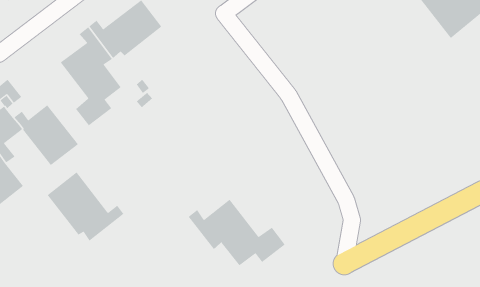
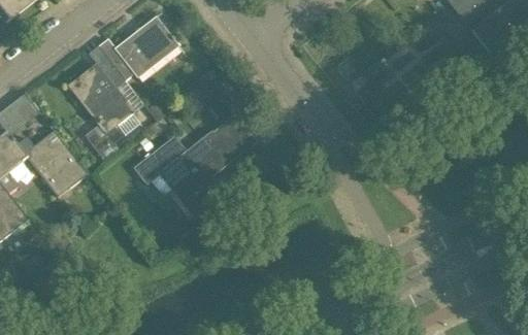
building: none -> [133,113,255,216]
building: [47,172,124,241] -> none
building: [188,199,285,266] -> none

